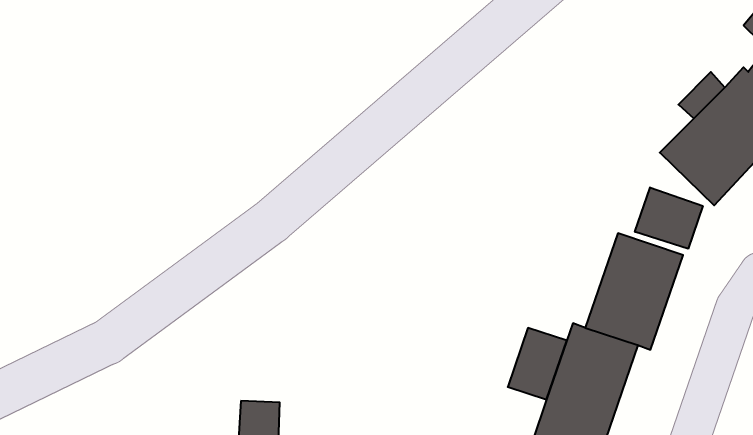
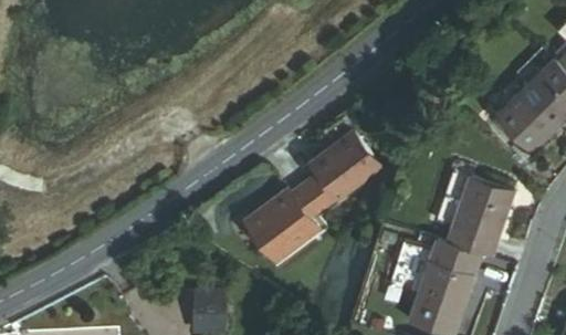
building: none -> [249,130,384,261]
building: [635,187,703,249] -> none

